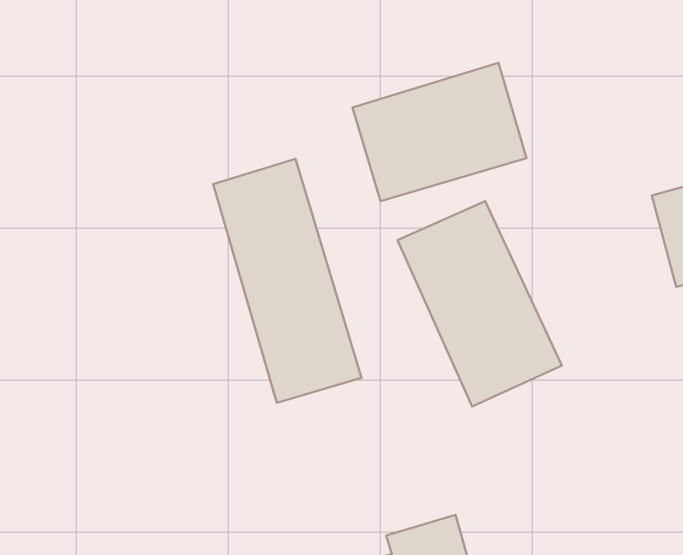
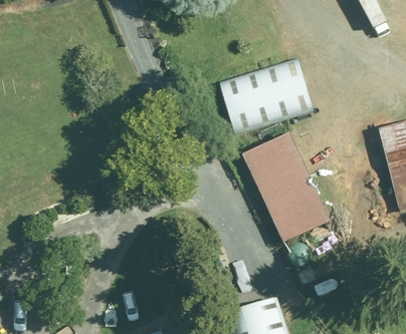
building: [213,159,361,403] -> none

